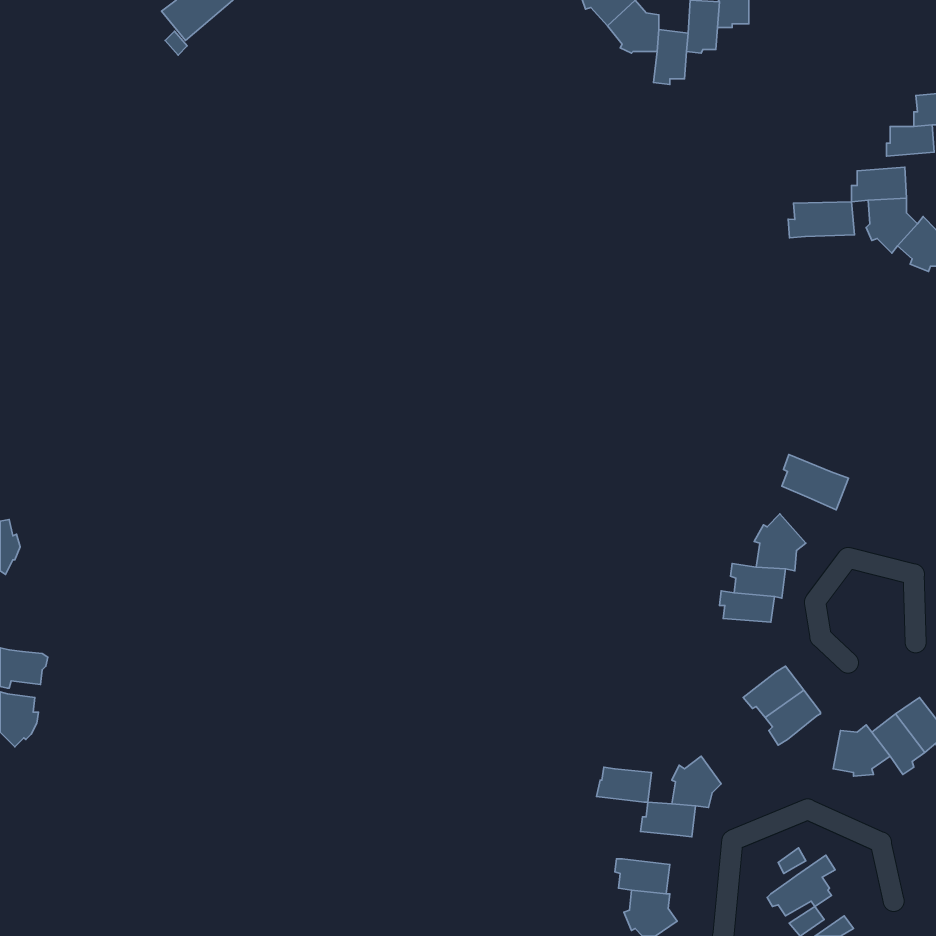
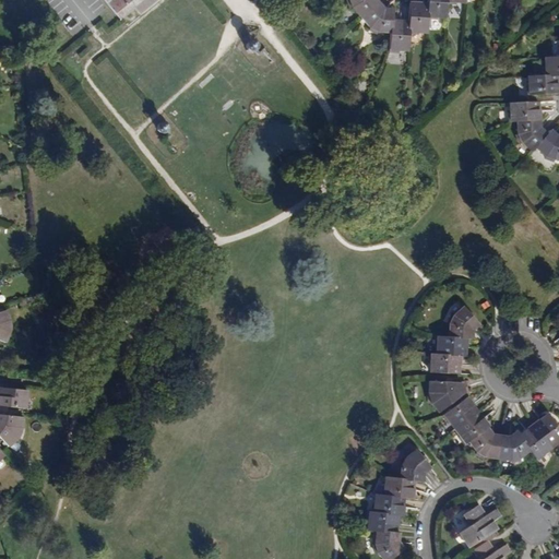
building: [788,202,854,238] -> none
building: [782,455,848,510] -> none
building: none -> [426,380,466,412]
building: none -> [469,426,501,457]
building: [596,767,652,802] -> [371,493,404,514]

